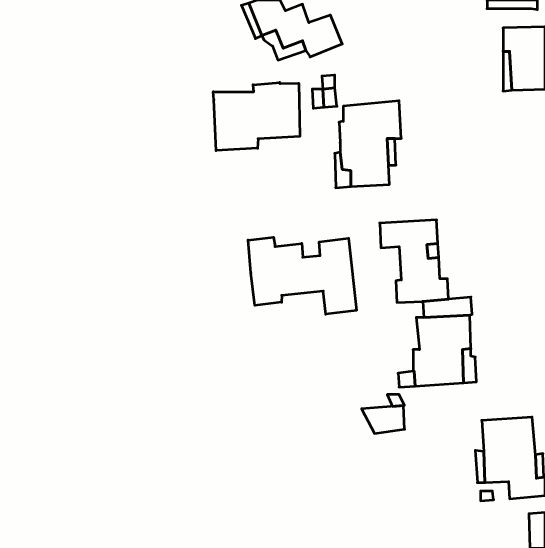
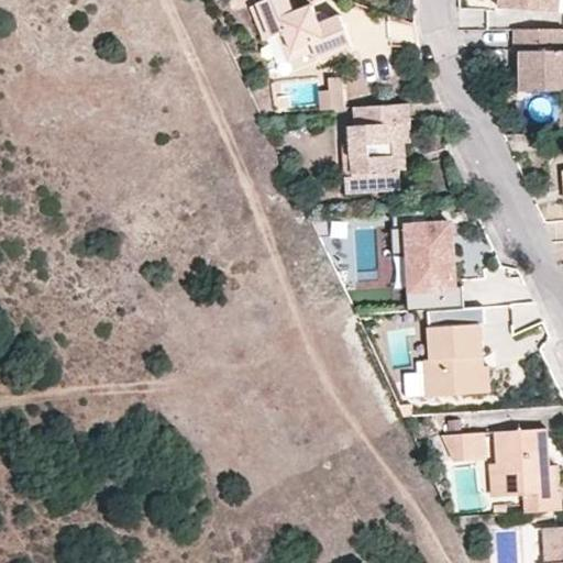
building: [213,82,300,151] -> none
building: [248,237,356,314] -> none
building: [362,406,405,433] -> [441,431,485,460]

